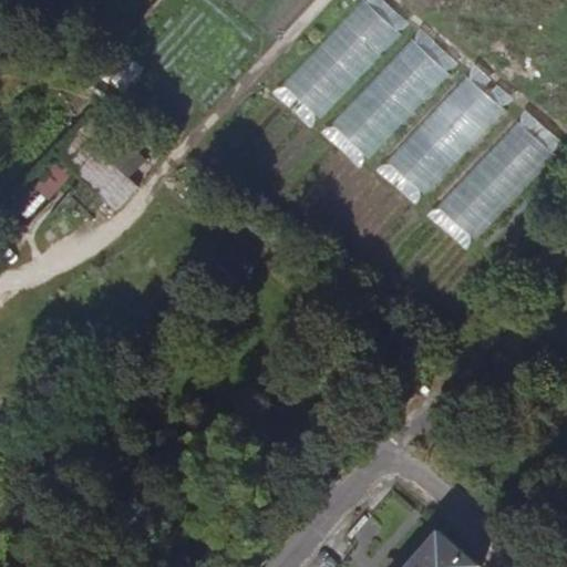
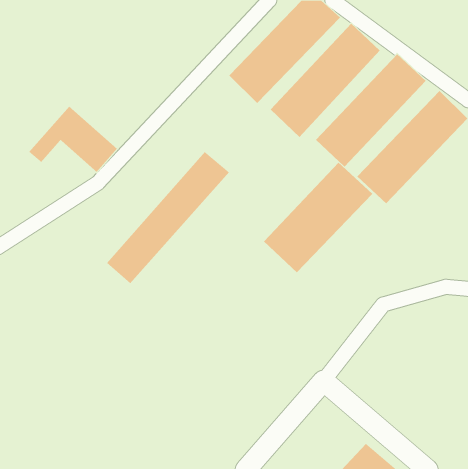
building: none -> [106,151,230,284]
building: none -> [263,162,373,273]

